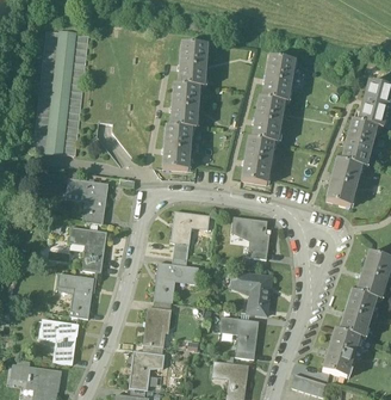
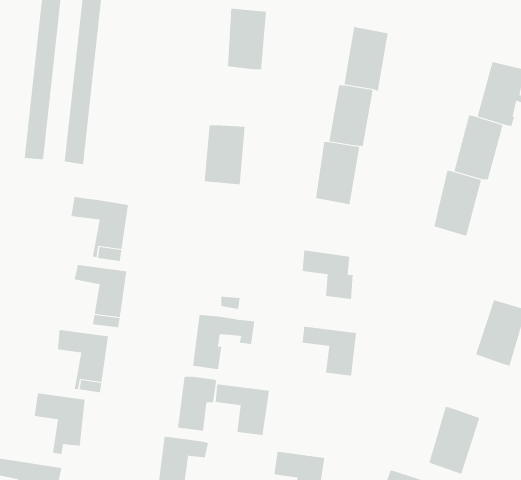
building: [170,85,199,128] -> none
building: [170,210,210,244] -> none
building: [340,290,377,338] -> none
building: [221,315,260,352] -> [215,384,270,435]

